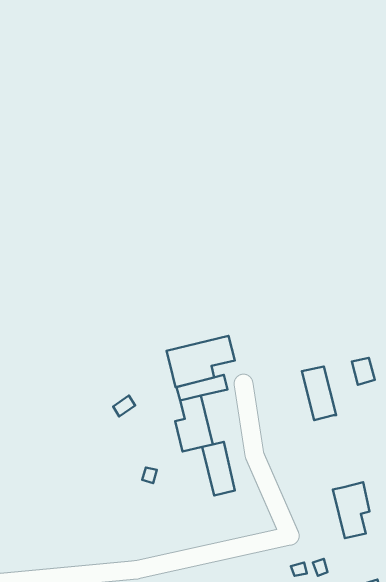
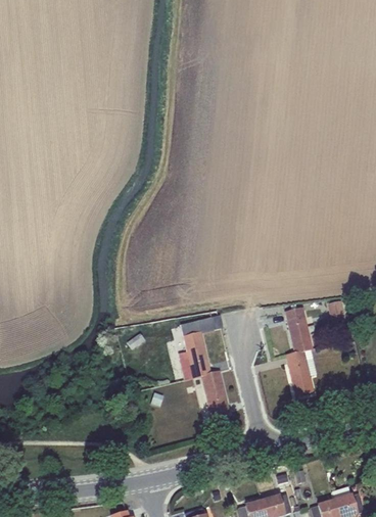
building: [167,336,235,387] -> none
building: [333,482,369,538] -> [285,349,316,396]

